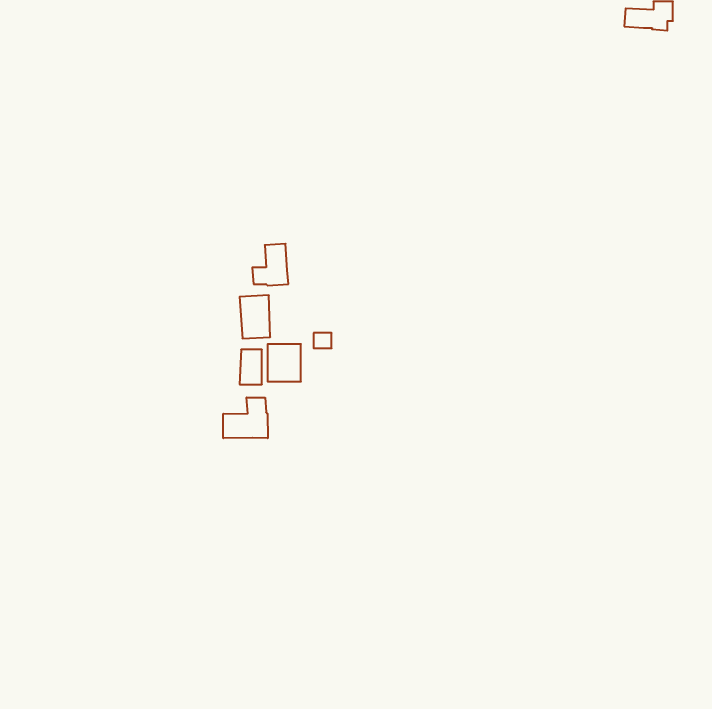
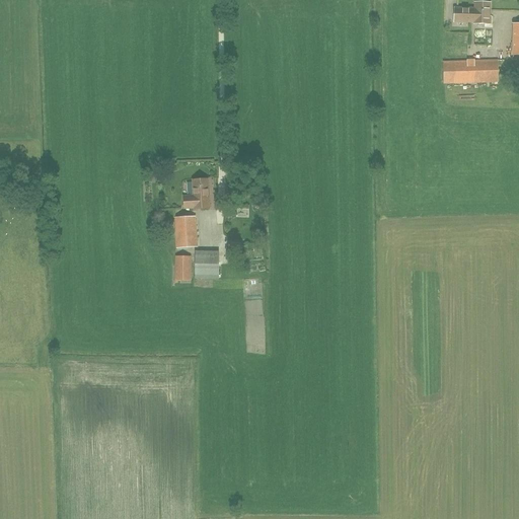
building: none -> [443,59,499,82]
building: [223,397,268,438] -> none

